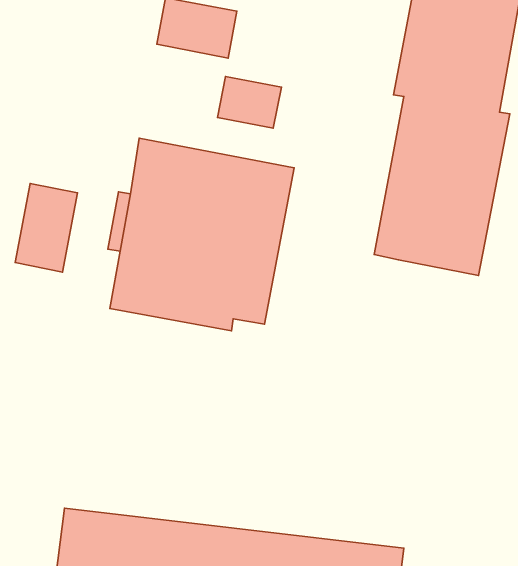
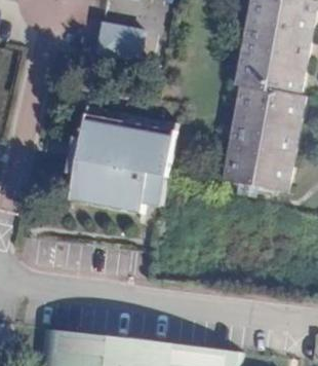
building: [217,76,281,128] -> none
building: [15,184,78,272] -> none

